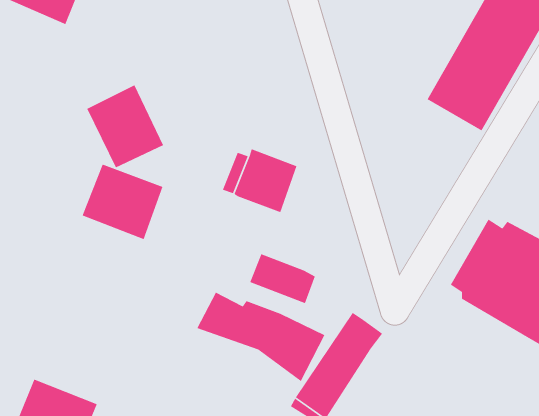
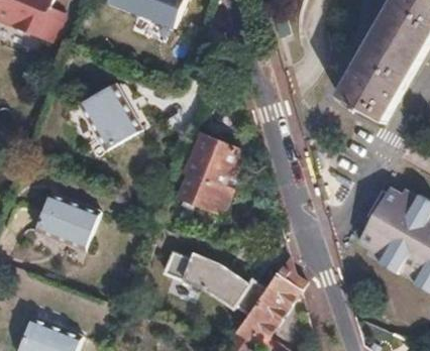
building: [82,163,163,240] -> [31,192,96,252]
building: [249,253,316,304] -> [181,172,233,213]

